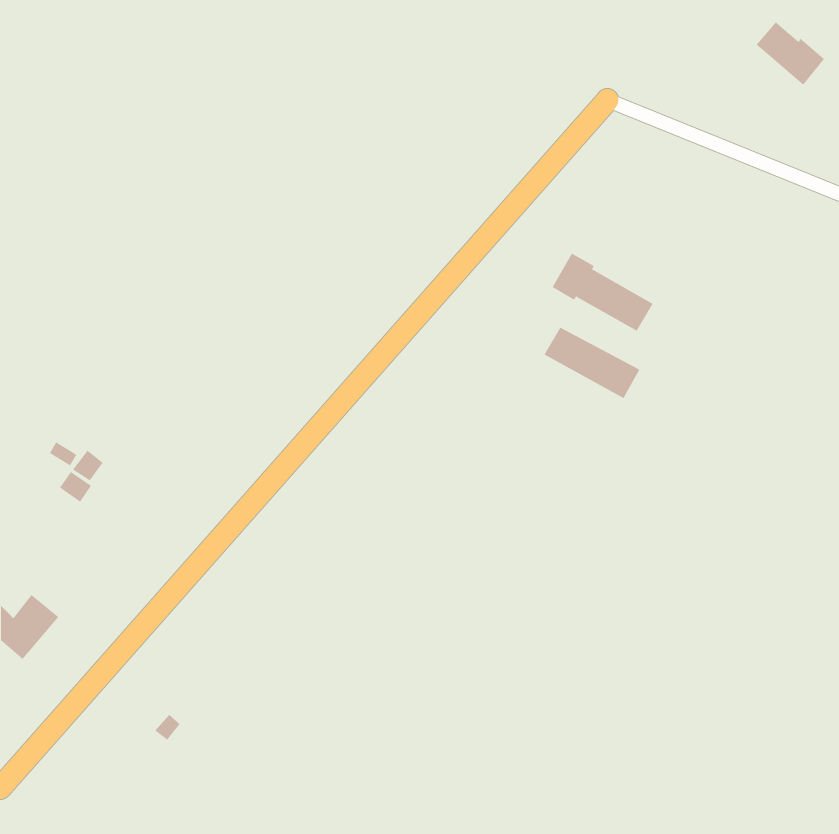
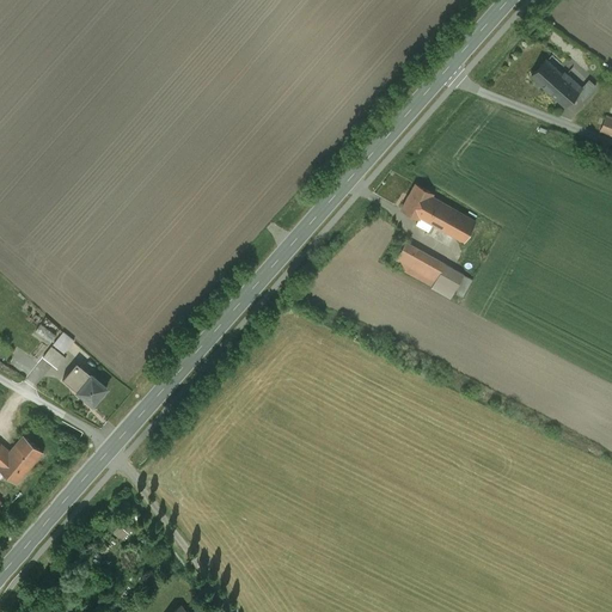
building: [756,21,825,85] -> [531,63,581,110]
building: none -> [63,366,106,405]

